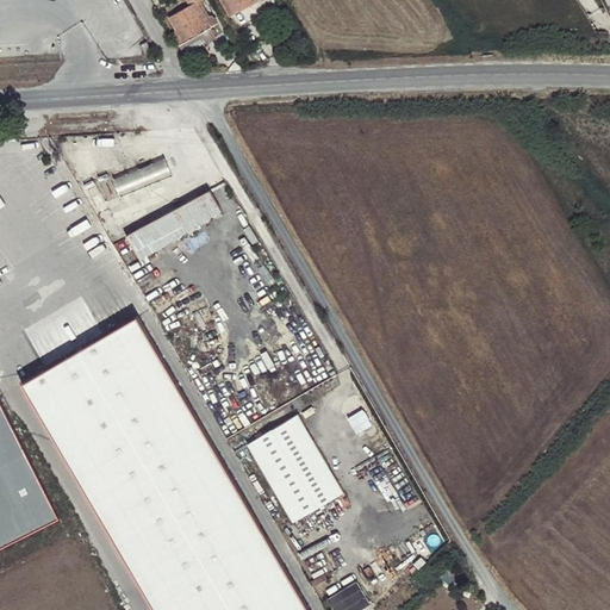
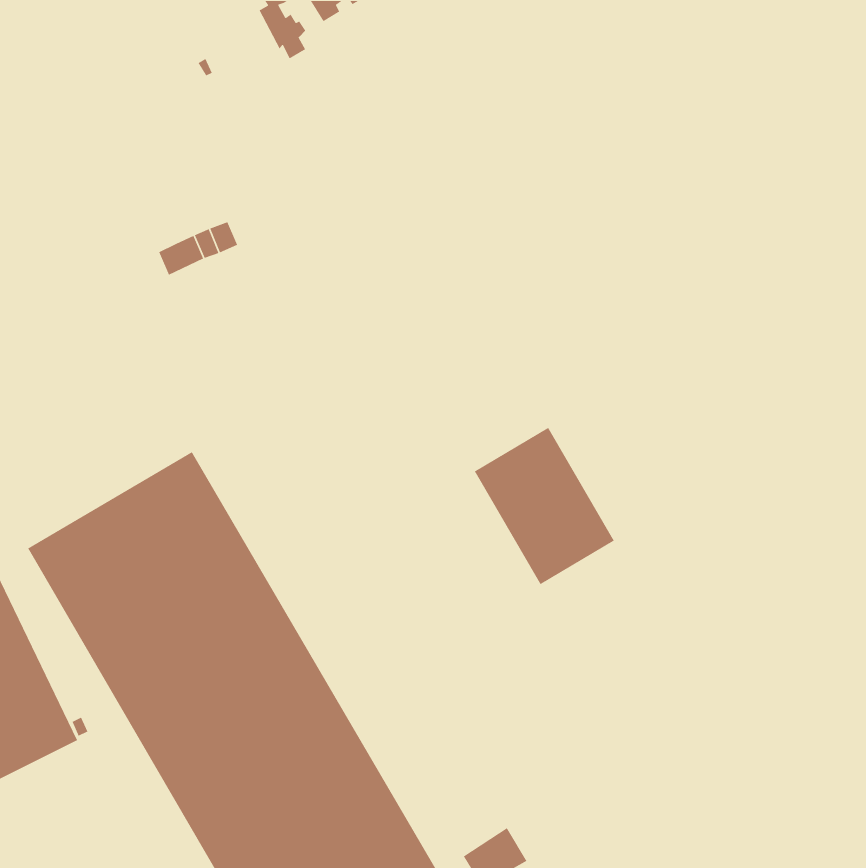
building: [167,8,195,45] -> none
building: [125,192,222,259] -> none
building: [244,412,343,523] -> [474,427,615,585]

